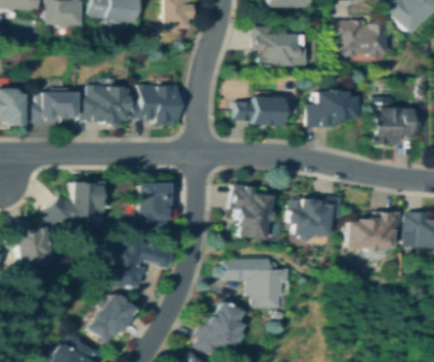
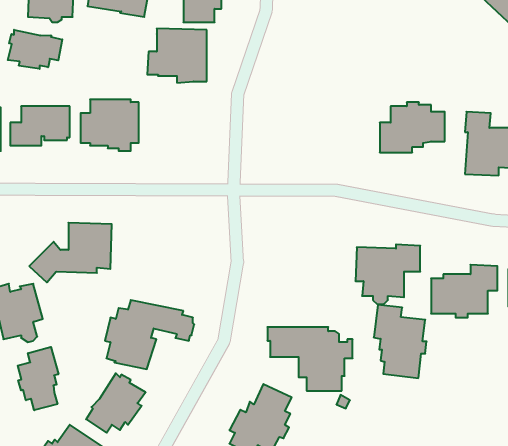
building: [332,19,388,56] -> none
building: [255,27,303,64] -> none
building: none -> [8,30,62,69]
building: [134,84,179,125] -> [147,29,207,83]
building: [237,97,285,125] -> none
building: [137,183,174,233] -> none
building: [233,184,273,239] -> [374,305,427,378]
building: none -> [18,347,58,410]

